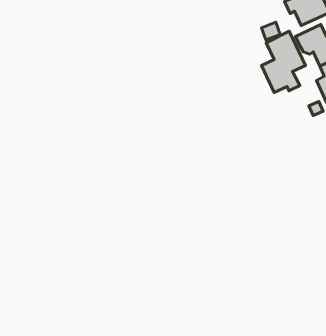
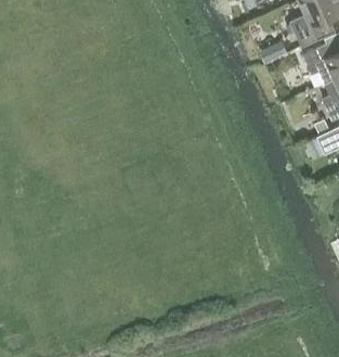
building: [261,31,305,92] -> none

